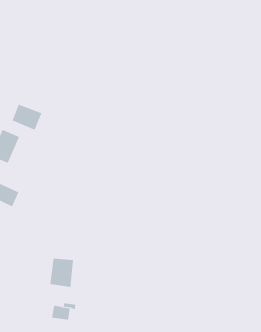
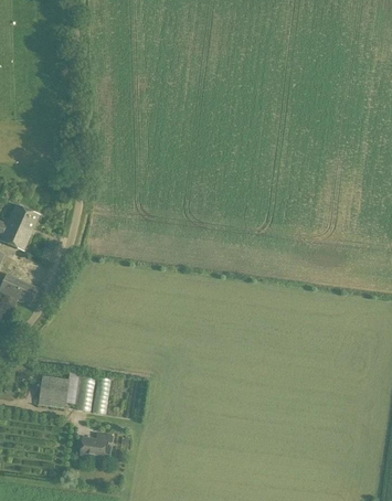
building: [12,104,42,130] -> none
building: none -> [38,376,67,408]

